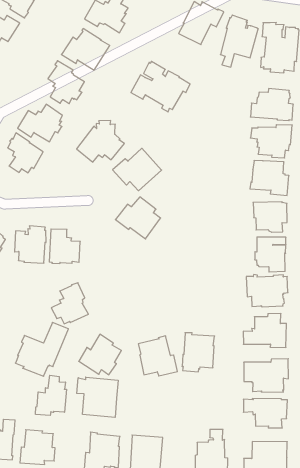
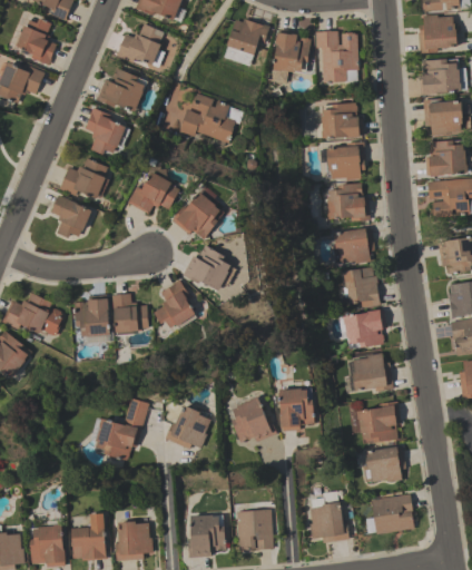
building: [51,283,88,324] -> [154,279,196,327]
building: [36,375,66,415] -> none
building: [77,377,118,417] -> none

